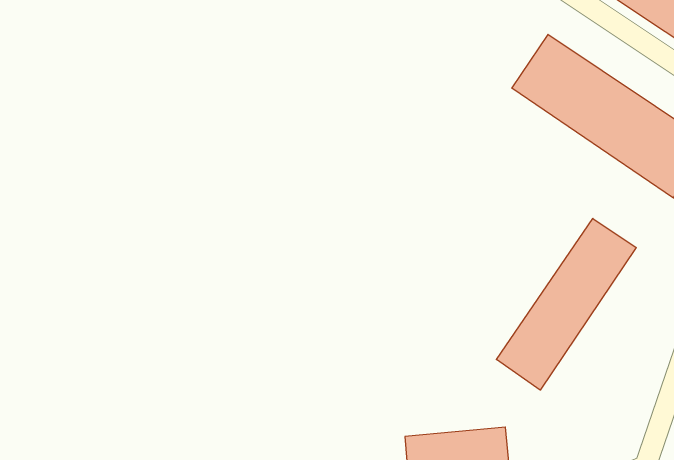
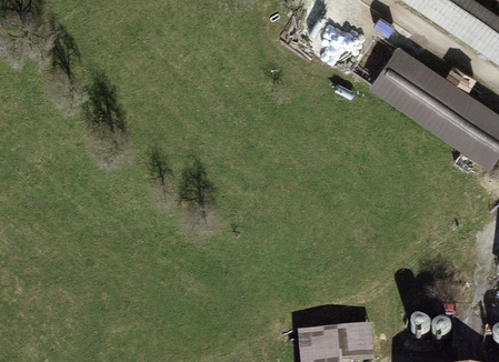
building: [496,218,636,390] -> none

